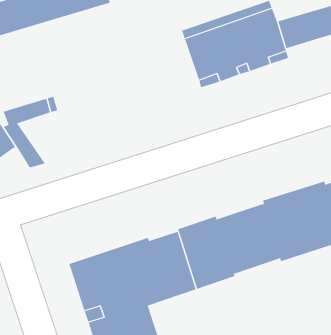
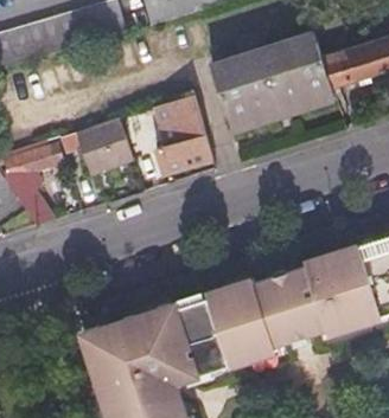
building: none -> [155,94,211,167]
building: none -> [74,116,133,173]

